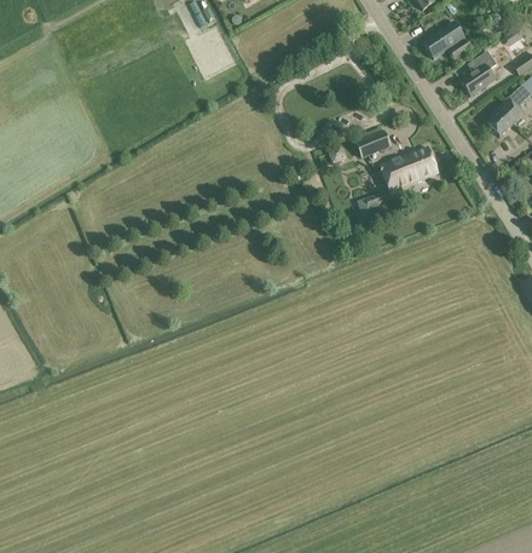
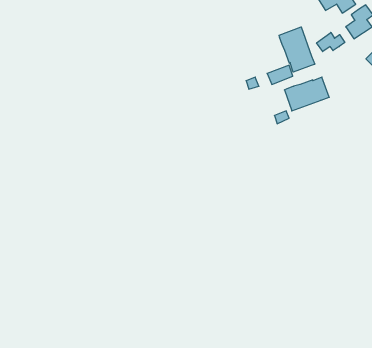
building: none -> [279,27,315,72]
building: none -> [317,32,345,52]

